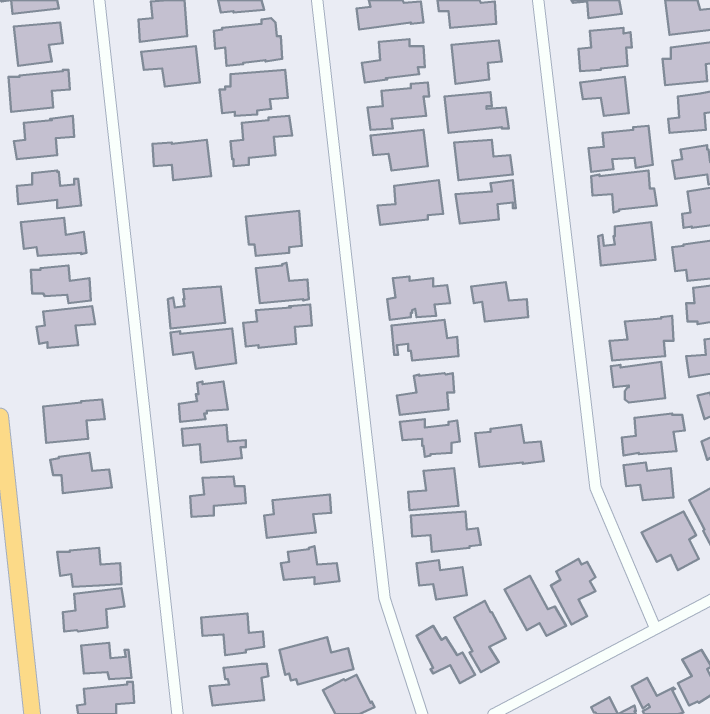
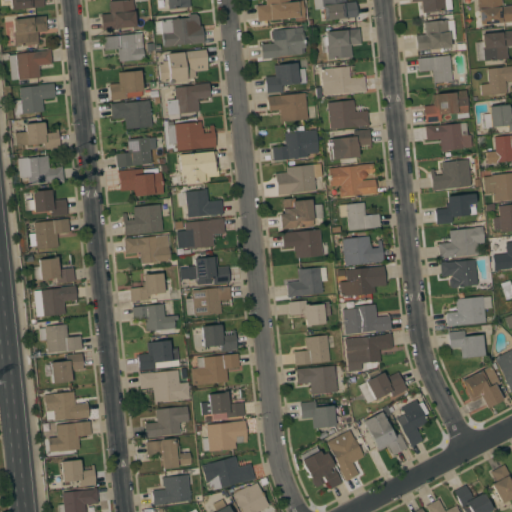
building: none -> [110,70,144,100]
building: none -> [169,121,217,150]
building: none -> [117,137,153,167]
building: none -> [329,163,378,198]
building: none -> [277,164,323,195]
building: none -> [119,168,164,196]
building: none -> [436,193,477,225]
building: none -> [343,236,384,265]
building: none -> [34,256,76,283]
building: none -> [188,257,231,285]
building: none -> [340,267,385,297]
building: none -> [187,287,232,316]
building: none -> [202,325,238,351]
building: none -> [346,333,394,372]
building: none -> [51,353,84,383]
building: none -> [140,370,190,402]
building: none -> [359,370,408,403]
building: none -> [145,406,190,438]
building: none -> [204,421,248,451]

